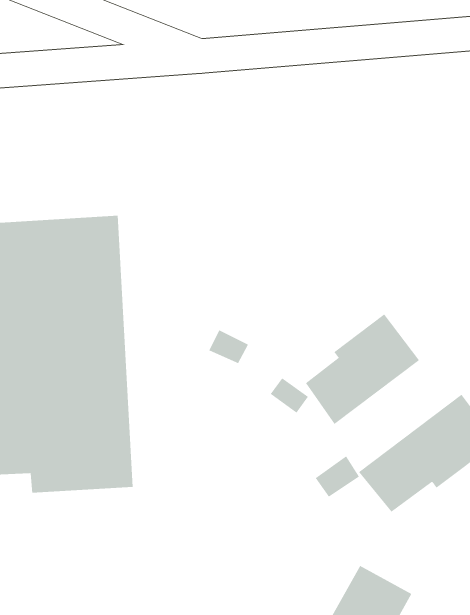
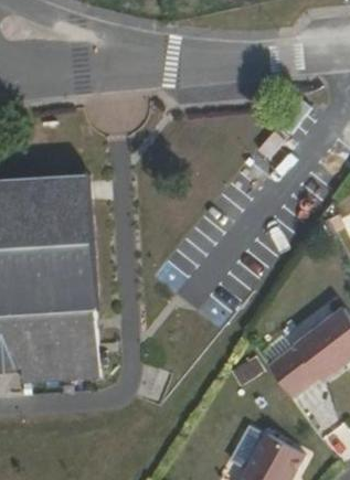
building: [305,314,420,425] -> none

